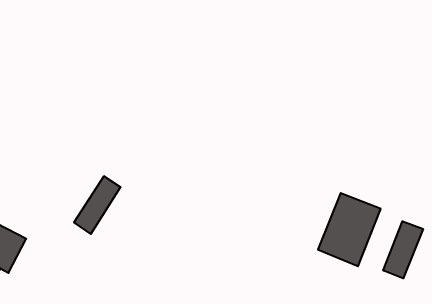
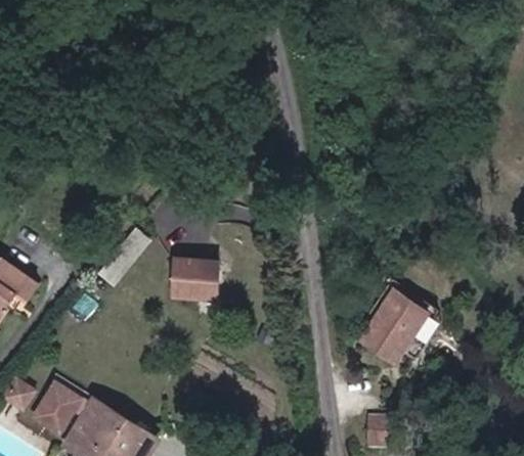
building: none -> [172,258,218,299]
building: [383,221,423,278] -> none

